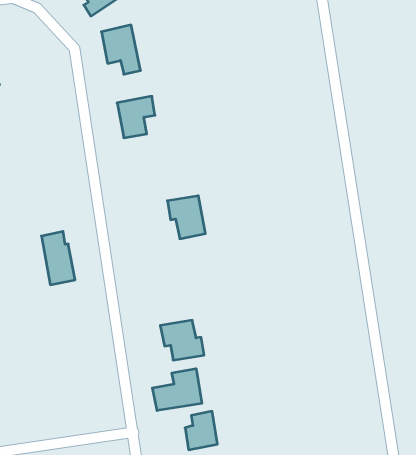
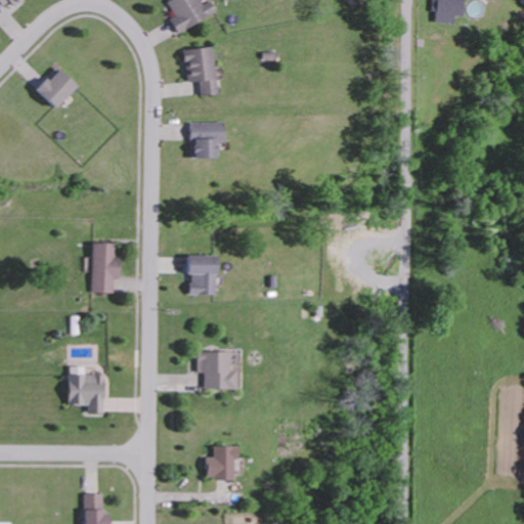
building: [167,196,205,239] -> [185,255,218,295]
building: none -> [68,374,106,412]
building: [152,369,202,411] -> none

